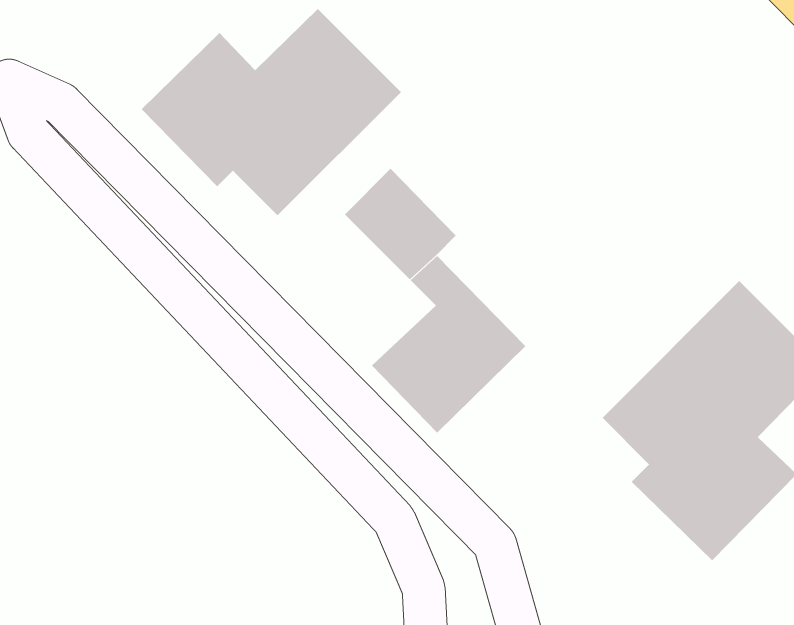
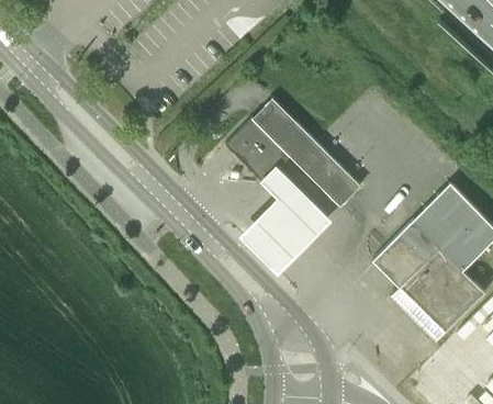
building: [141,8,402,216] -> none
building: none -> [253,99,361,207]

